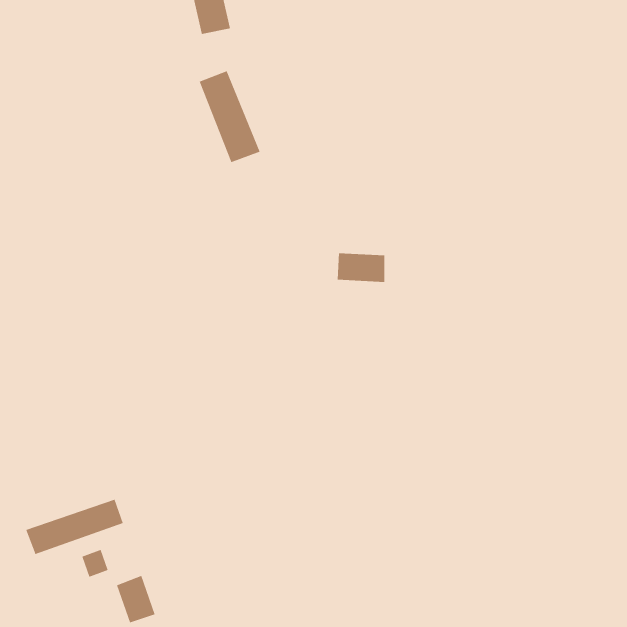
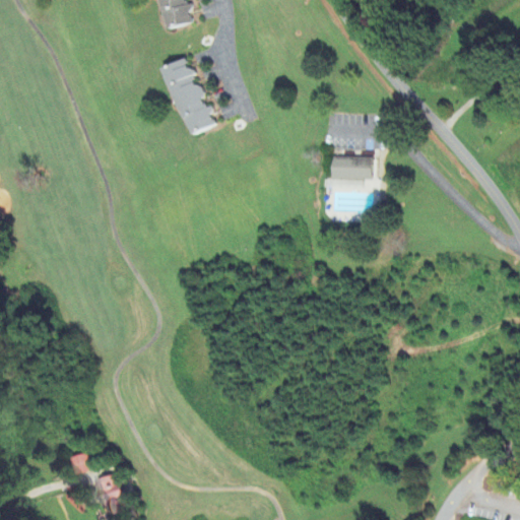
building: [337,253,385,282] -> [331,155,371,180]
building: [25,499,124,555] -> none

